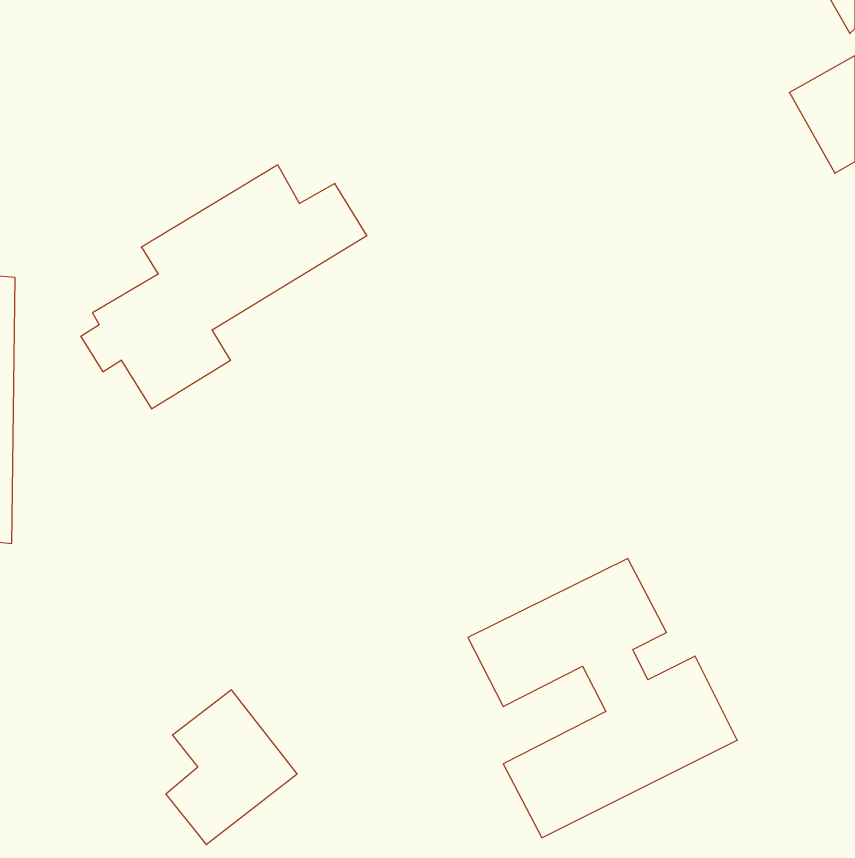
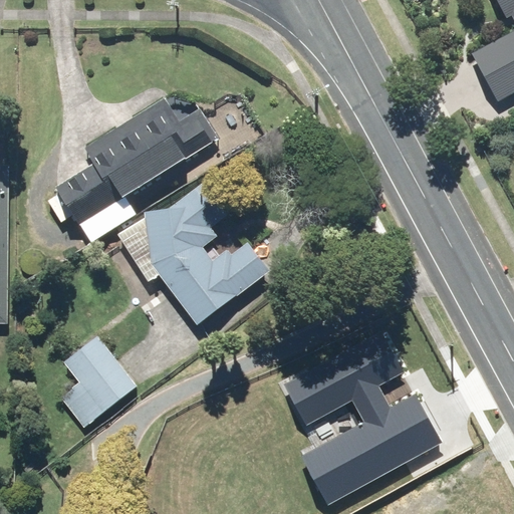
building: none -> [117,184,269,325]
building: [166,690,297,845] -> [59,335,138,428]

